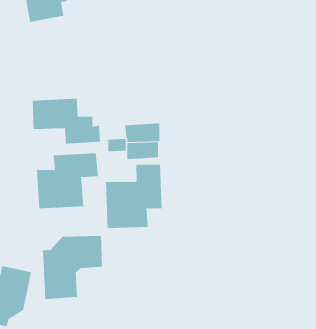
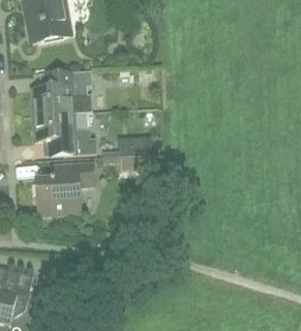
building: none -> [31,70,92,115]
building: [106,164,162,229] -> none
building: [42,235,103,300] -> none

